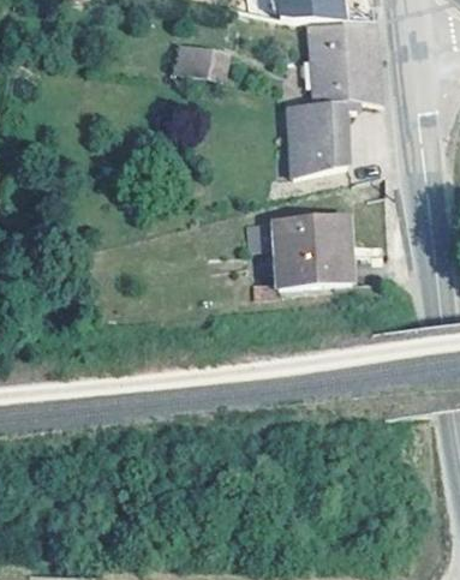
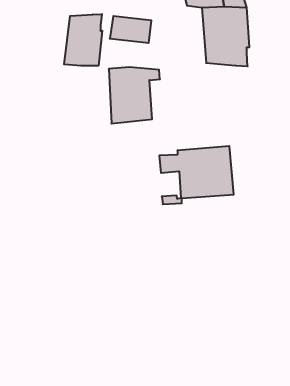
building: none -> [64,14,102,66]
building: [285,97,356,175] -> [109,67,160,124]

